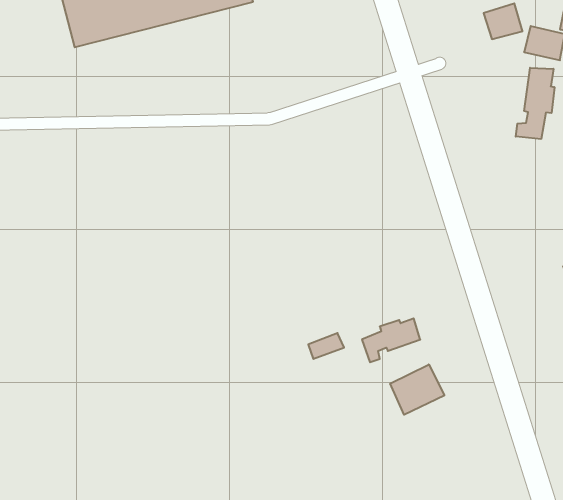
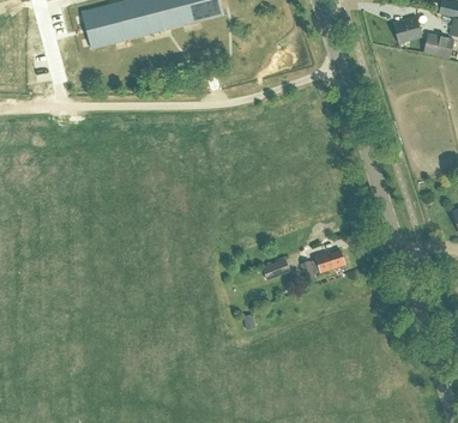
building: [516,68,554,139] -> none
building: [390,364,444,415] -> none

